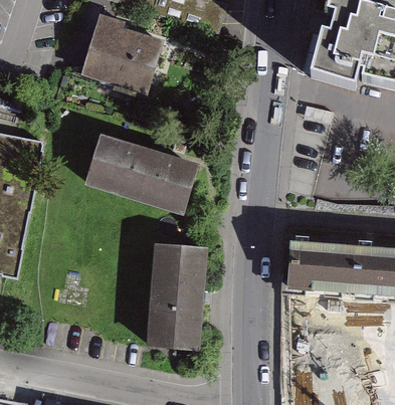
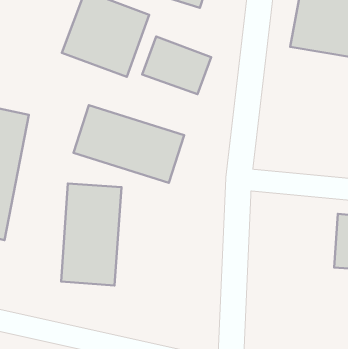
building: none -> [142,37,211,94]
building: [283,237,359,299] -> none
building: [153,243,215,349] -> [61,183,121,285]

